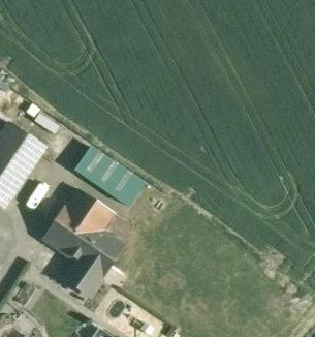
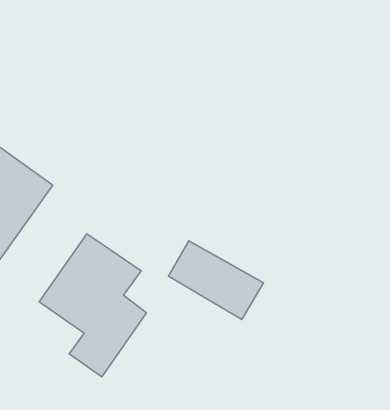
building: [72,144,145,204] -> [169,241,264,320]

